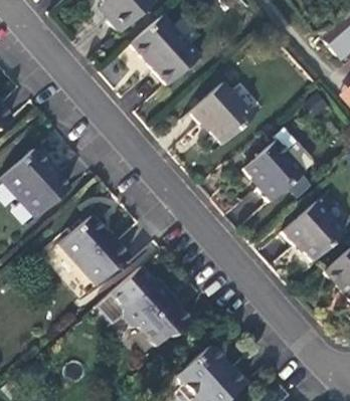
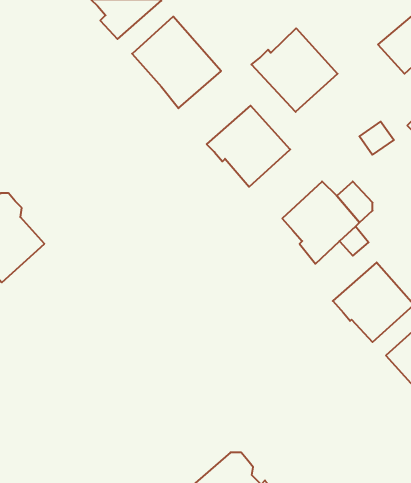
building: none -> [251,28,338,112]
building: [60,216,129,282] -> none
building: [99,265,191,345] -> none

